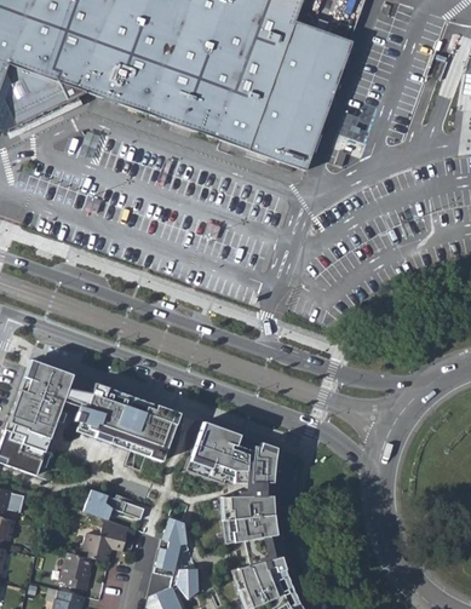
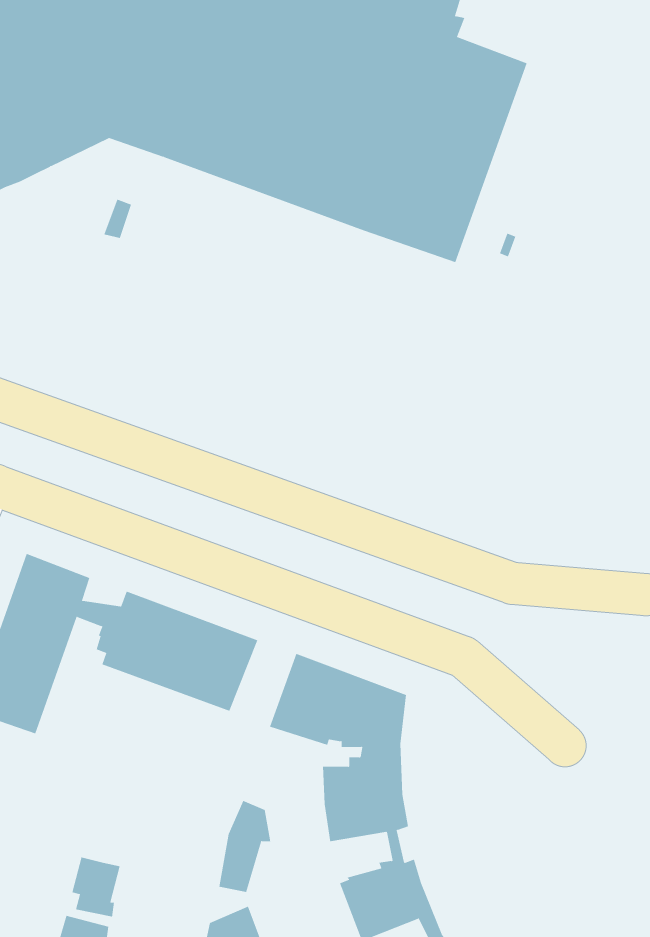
building: [84,486,145,518] -> none
building: [81,527,127,562] -> none
building: [177,567,200,597] -> none

